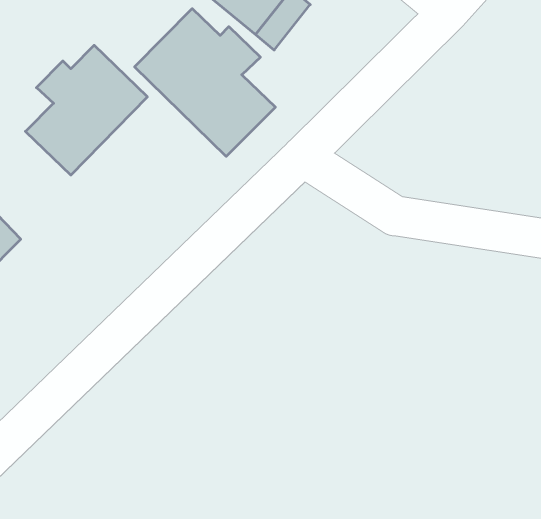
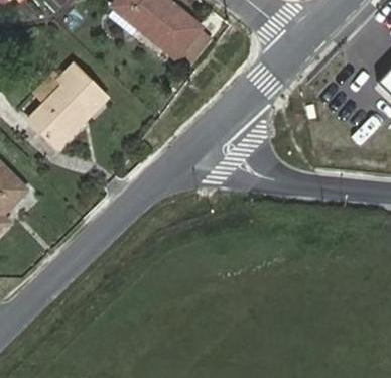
building: [135,9,275,156] -> none

